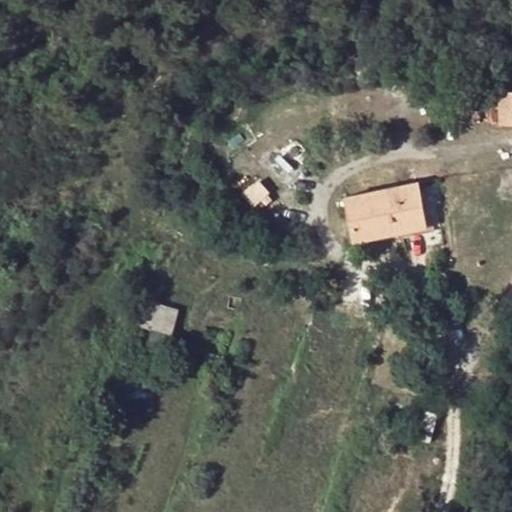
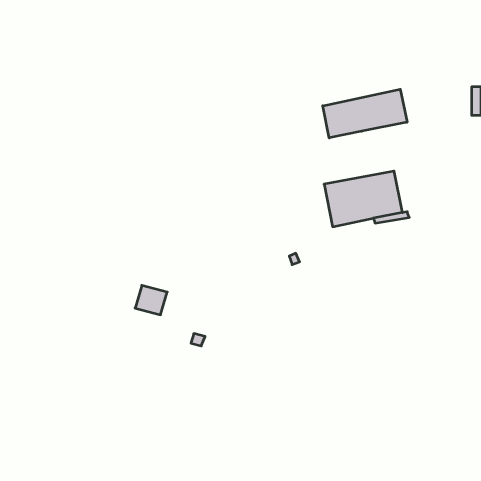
building: none -> [323,89,407,138]

